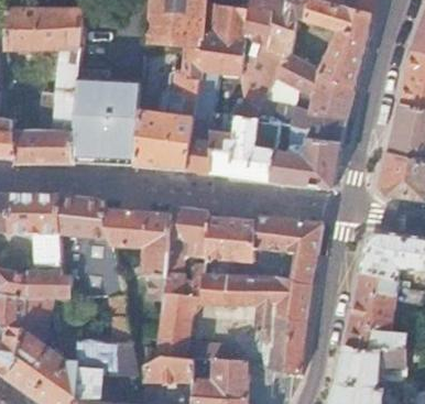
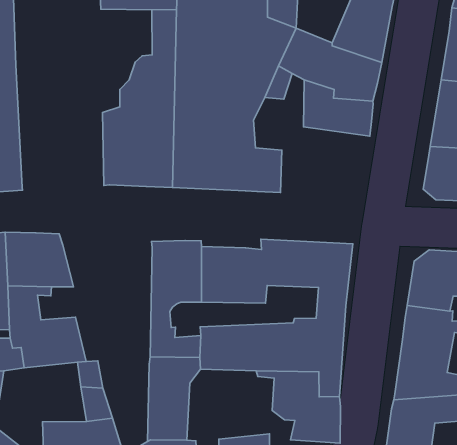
building: [76,69,142,165] -> none
building: [271,132,341,189] -> none
building: [103,208,171,303] -> none

